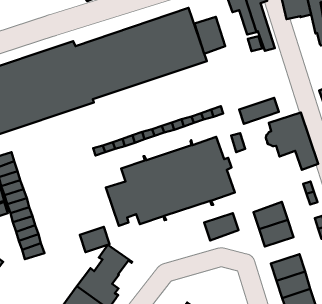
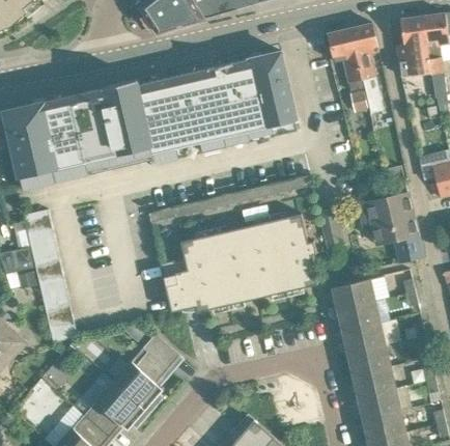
building: [194,17,225,54] -> none
building: [239,98,279,124] -> none
building: [204,213,239,241] -> [332,278,373,309]
building: [80,227,110,252] -> none
building: none -> [347,344,389,374]

